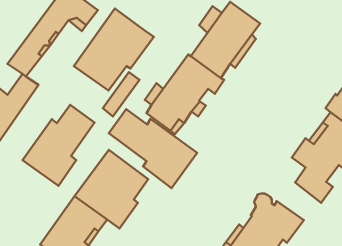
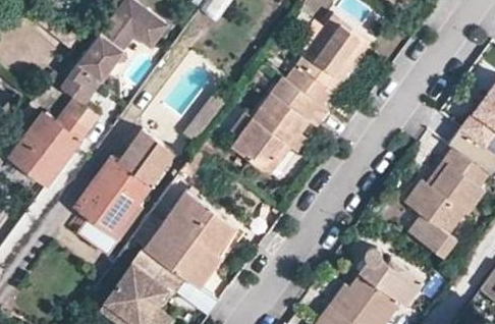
building: [74,9,154,90] -> none
building: [109,109,197,188] -> none

